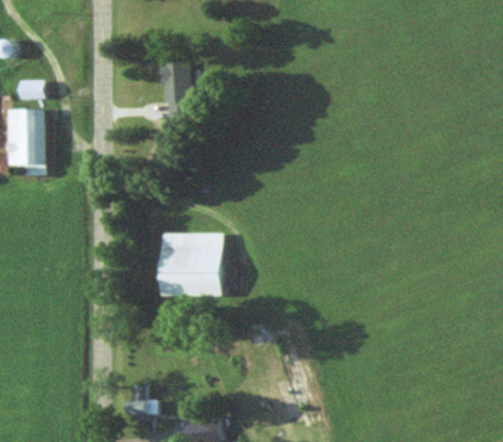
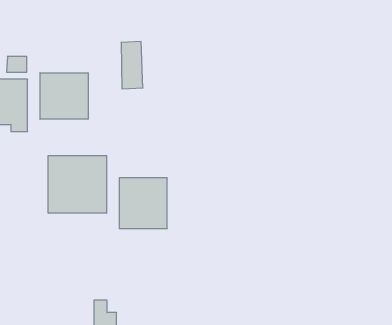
building: none -> [40,73,88,119]
building: none -> [48,156,107,213]

